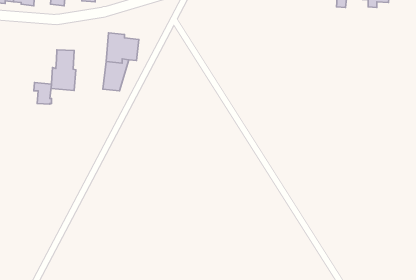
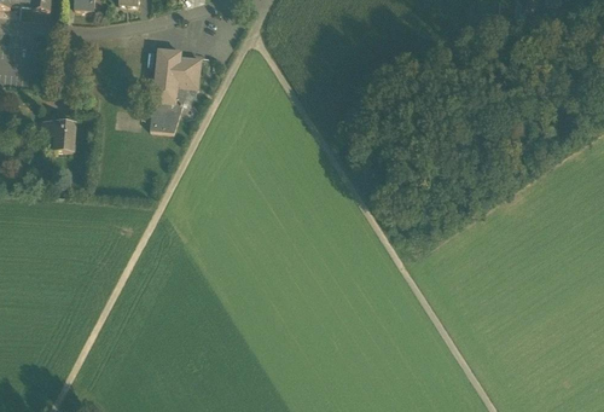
building: [51,50,76,91] -> none

